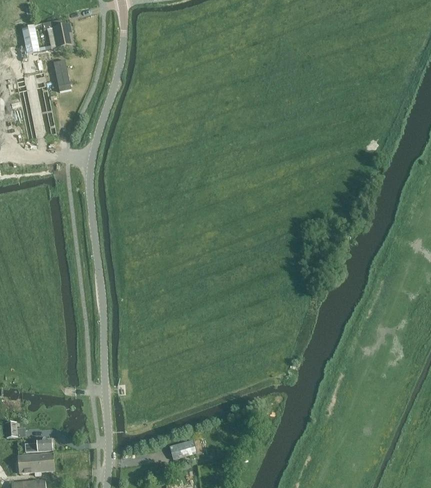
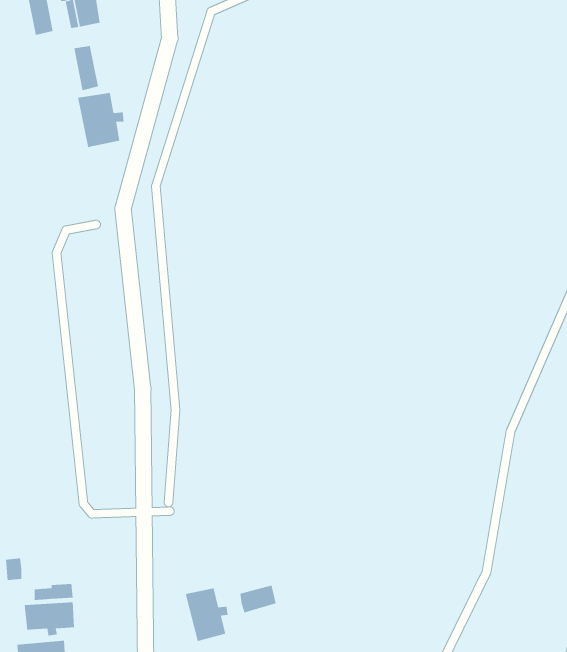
building: none -> [78,92,124,148]
building: none -> [185,587,228,642]

